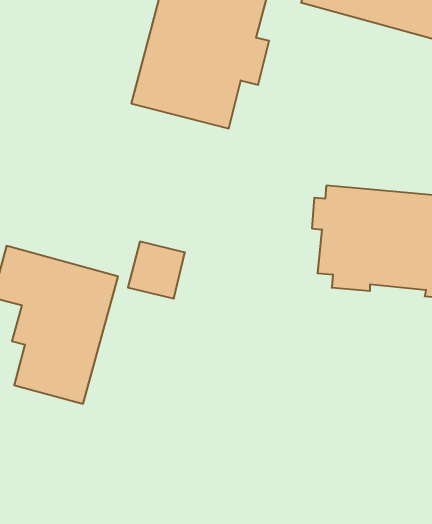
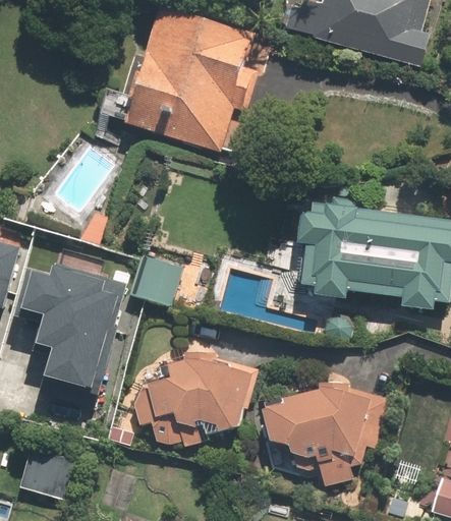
building: none -> [126,347,256,442]
building: none -> [263,380,388,484]
building: none -> [18,446,77,500]

